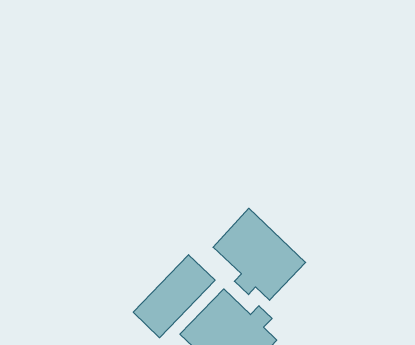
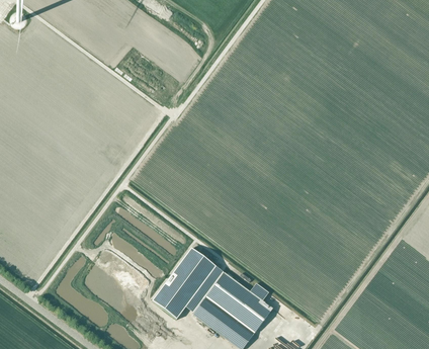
building: [213,208,306,300] -> none

